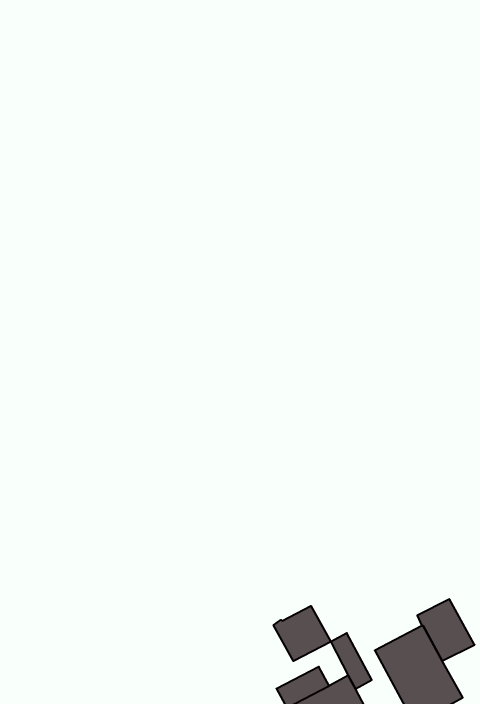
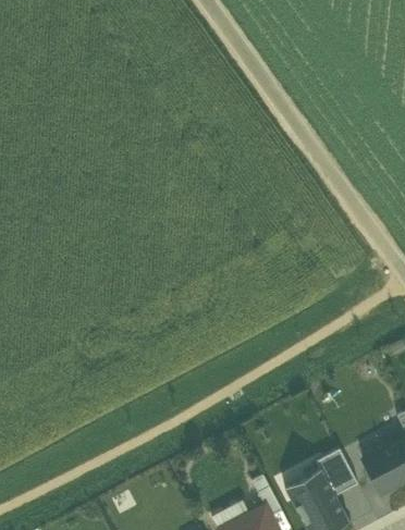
building: [274,606,331,661] -> none

